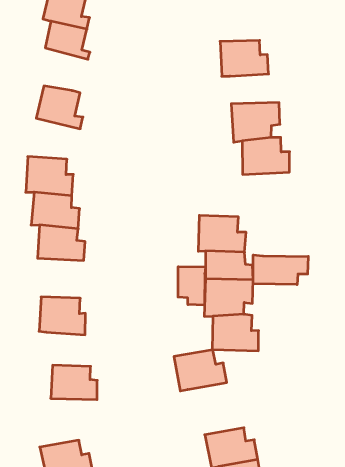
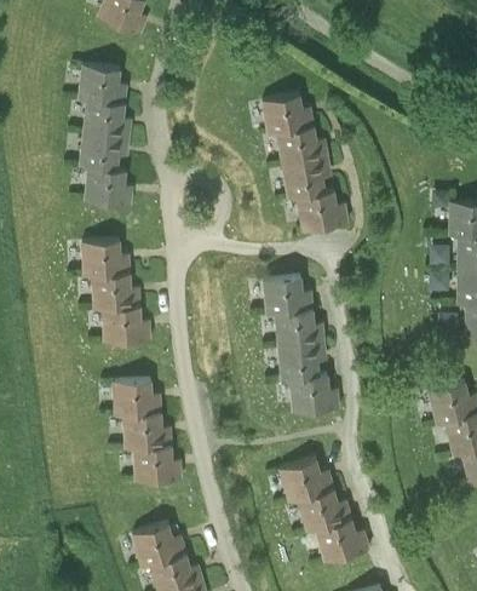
building: none -> [80,130,130,170]
building: none -> [276,127,329,162]
building: [253,255,308,285] -> none
building: [178,267,206,305] -> none
building: none -> [122,415,172,451]
building: [174,350,227,391] -> [278,458,335,504]

